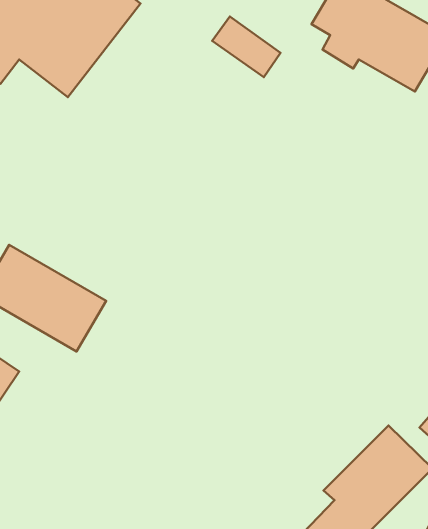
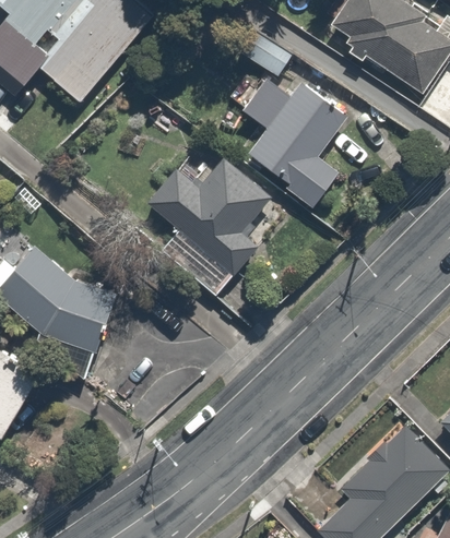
building: none -> [241,76,346,206]
building: none -> [147,160,276,292]

